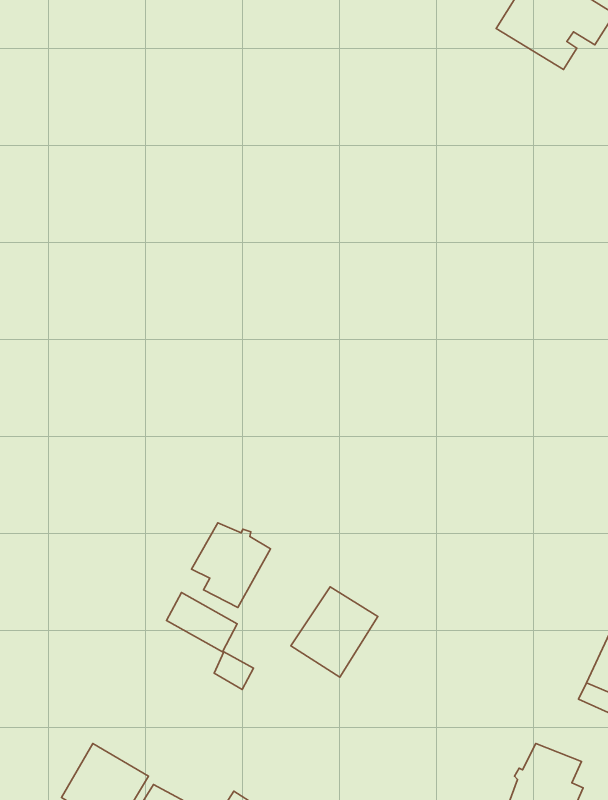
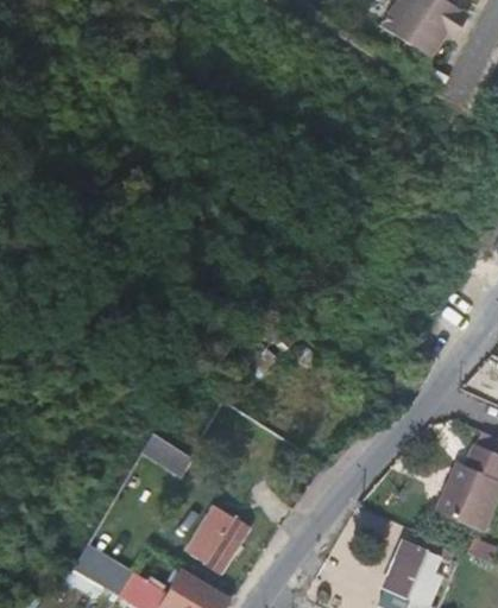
building: [191,523,271,607] -> none
building: [291,587,378,677] -> [181,506,244,571]

